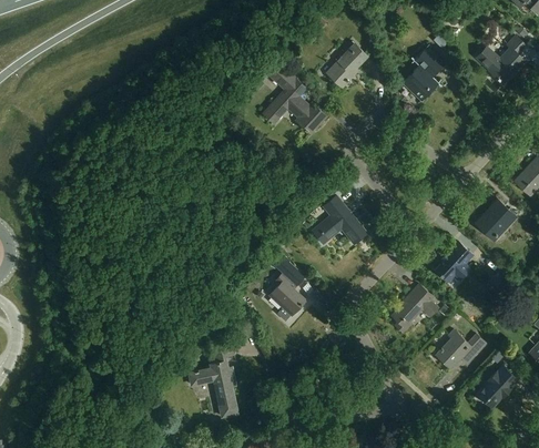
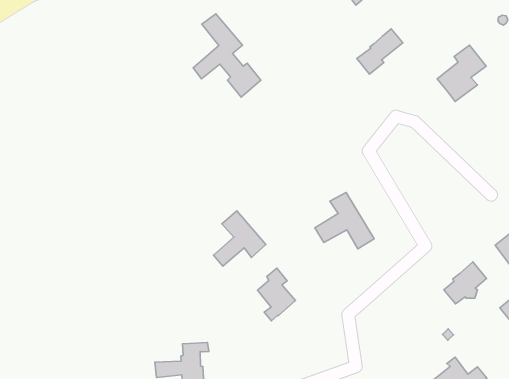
building: [264,62,326,133] -> [193,14,261,97]
building: none -> [214,211,266,266]
building: [393,284,439,333] -> none

